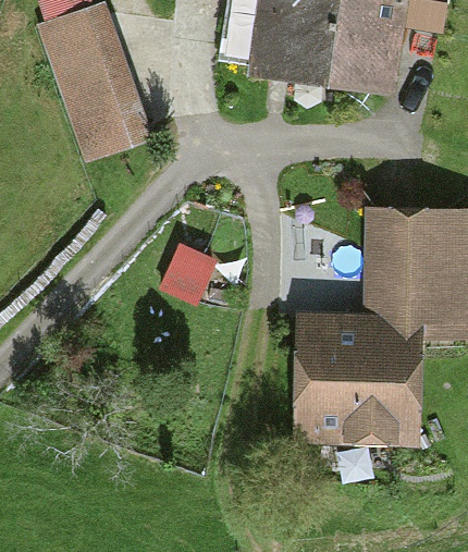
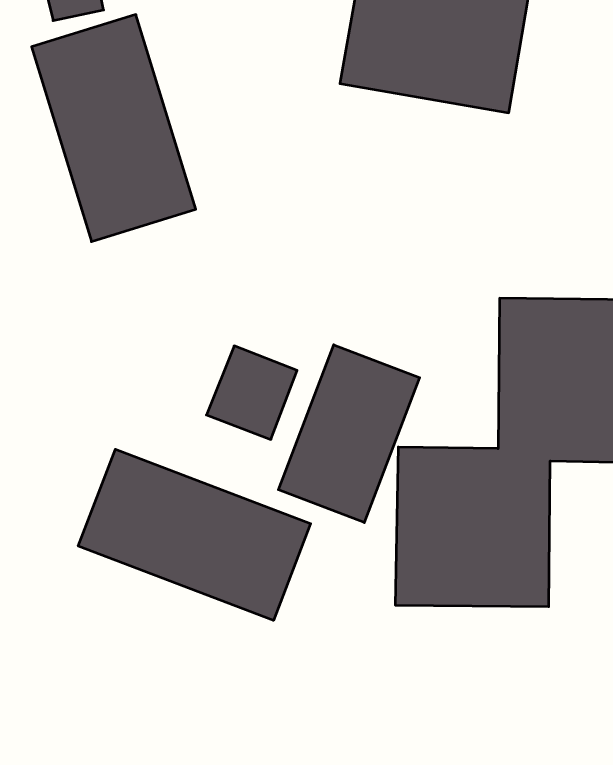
building: none -> [278,345,420,523]
building: none -> [78,449,311,620]

